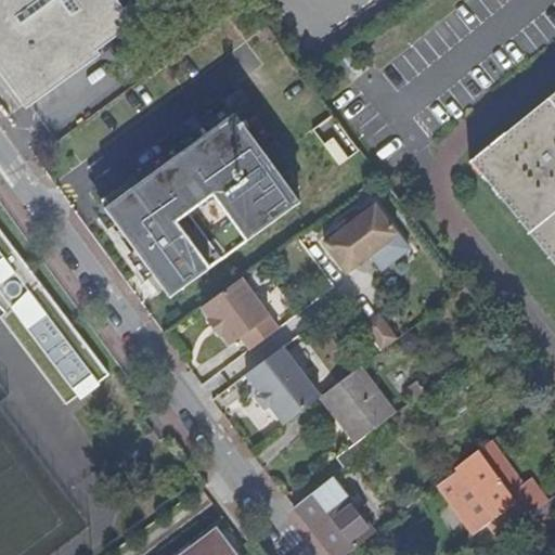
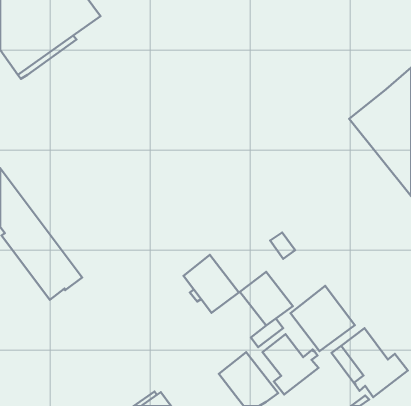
building: [100,115,296,299] -> none
building: [326,204,411,271] -> none
building: [204,276,279,346] -> none
building: none -> [290,286,355,351]
building: none -> [262,334,318,394]

